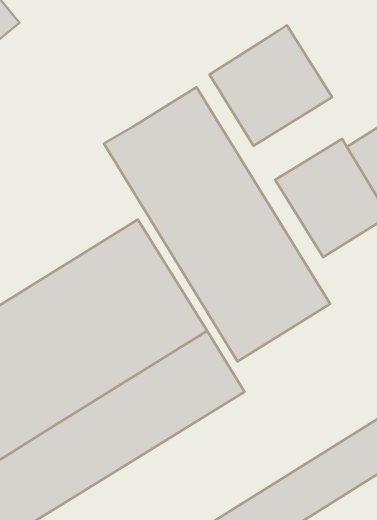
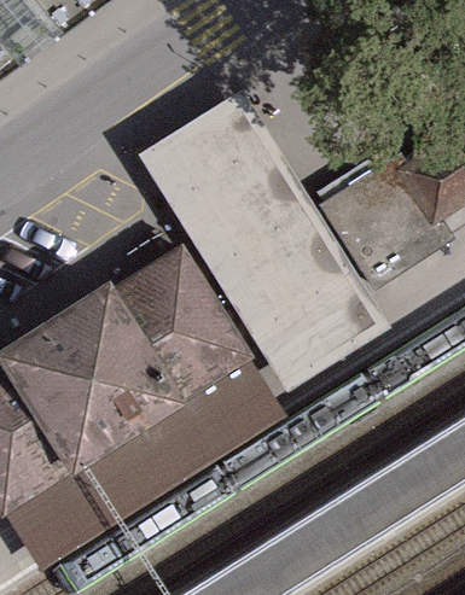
building: [209,25,332,146] -> none

